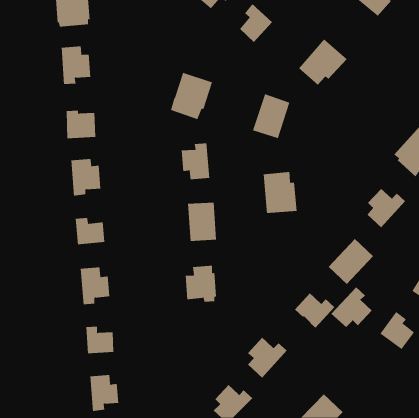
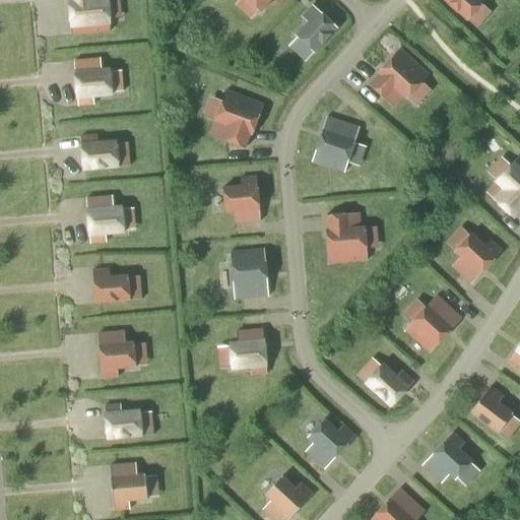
building: [331,287,373,328] -> [422,431,474,481]

